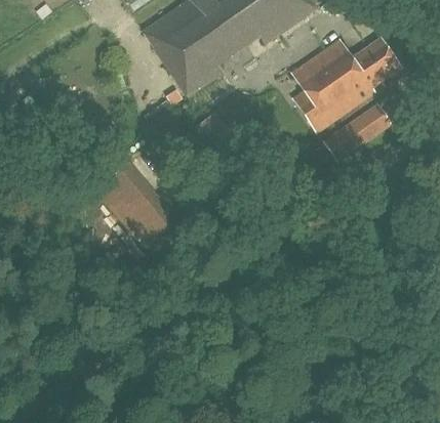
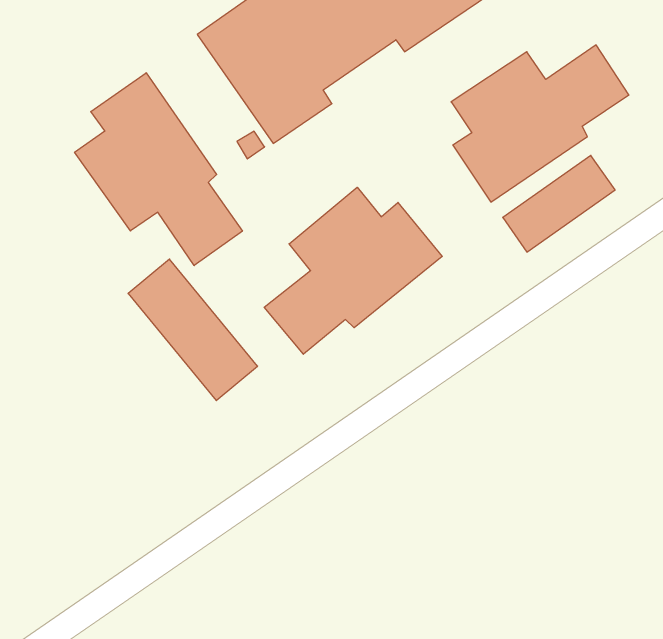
building: none -> [75,73,242,266]
building: none -> [264,187,442,354]

